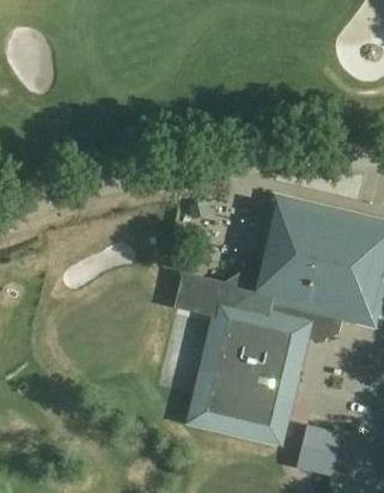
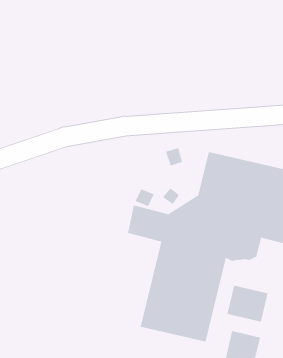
building: none -> [227,285,268,323]

